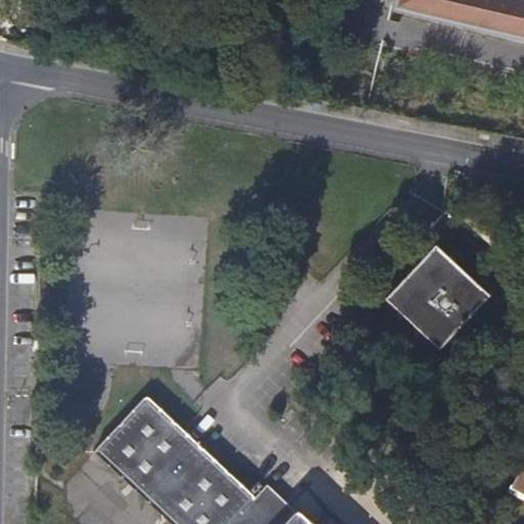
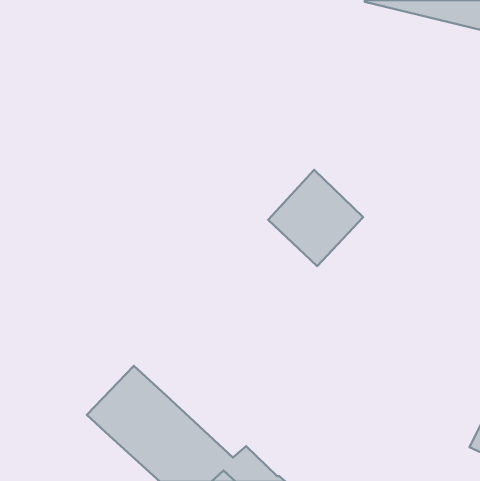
building: [386,245,489,349] -> [268,170,363,266]

